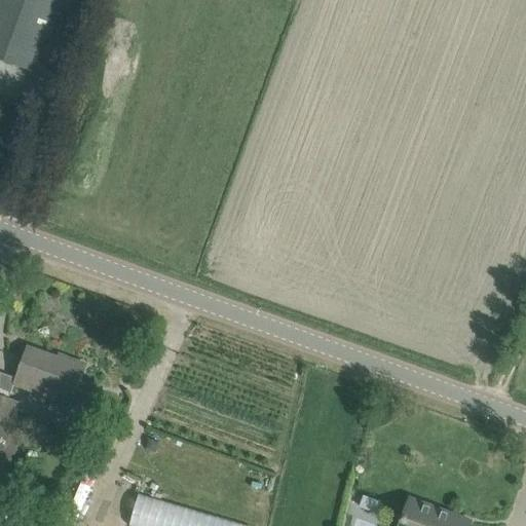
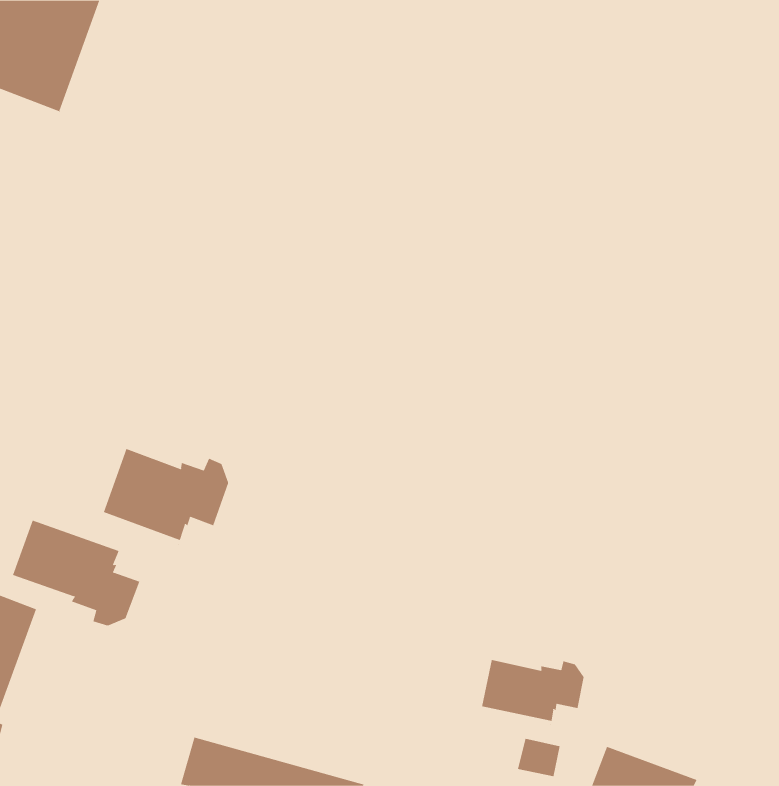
building: none -> [103,448,229,547]
building: none -> [482,659,584,726]

